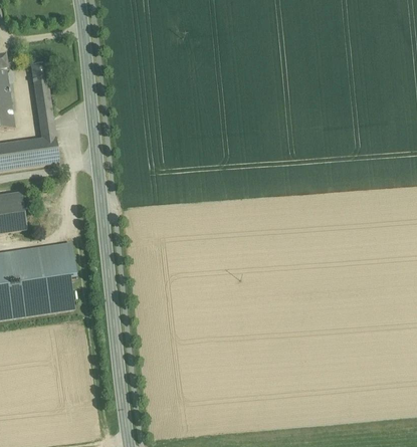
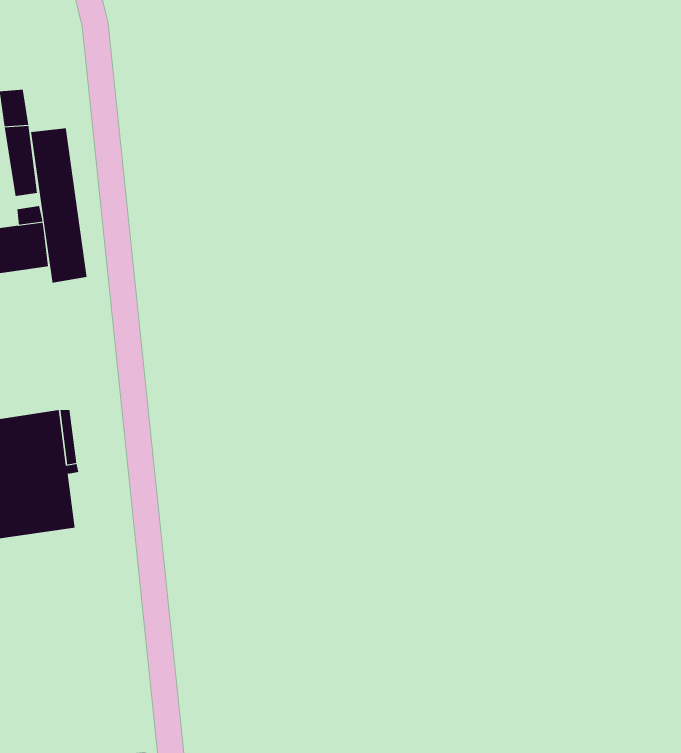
building: none -> [31,128,87,284]

